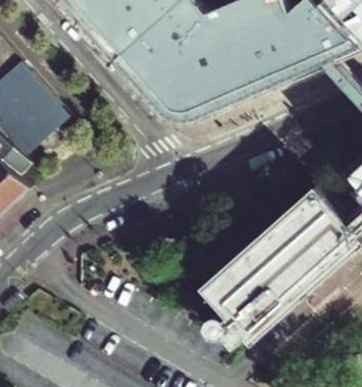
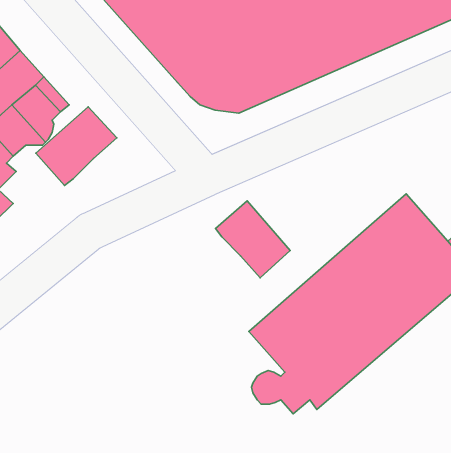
building: none -> [36,107,117,185]
building: none -> [216,201,290,278]

